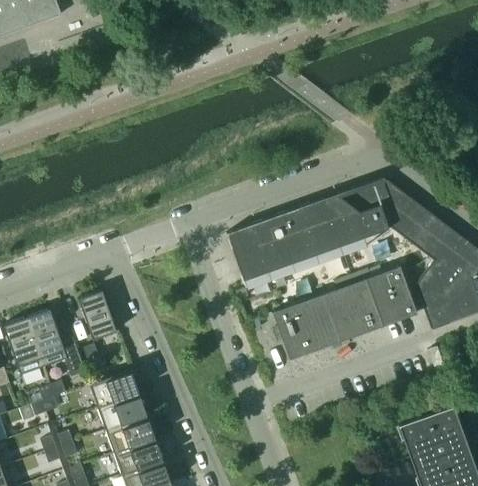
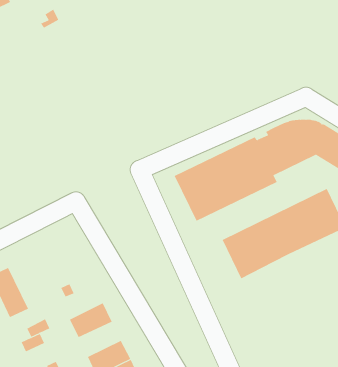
building: [78,290,117,340] -> none
building: [26,309,85,375] -> none
building: [97,392,146,429] -> none

